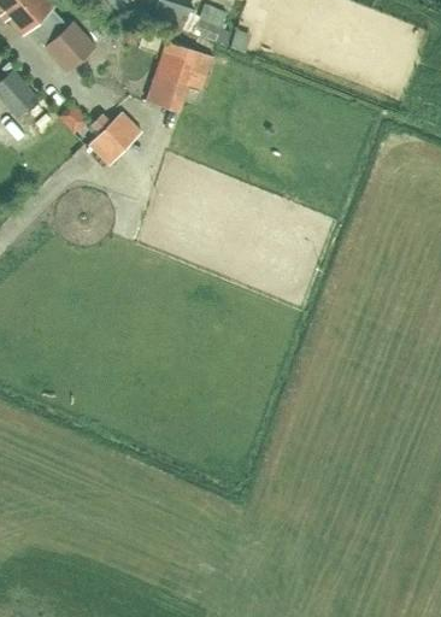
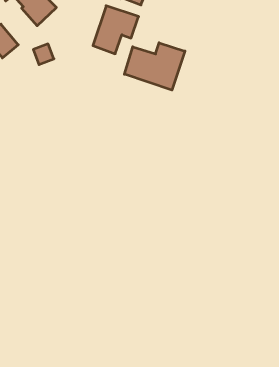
building: none -> [124,43,185,90]
building: [92,111,143,163] -> none

